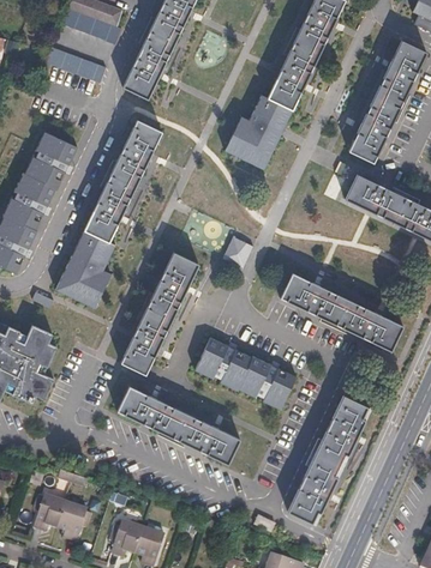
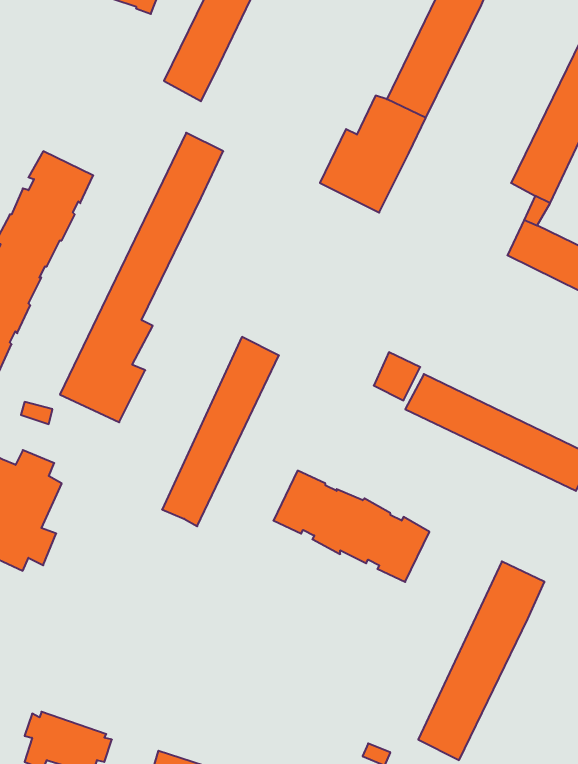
building: [46,44,107,80] -> none
building: [223,236,253,267] -> [374,352,420,400]
building: [118,386,240,463] -> none

